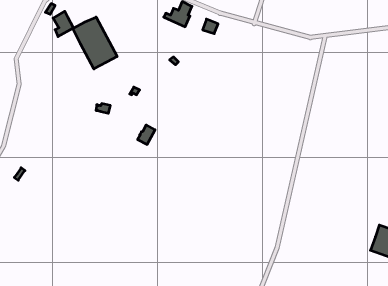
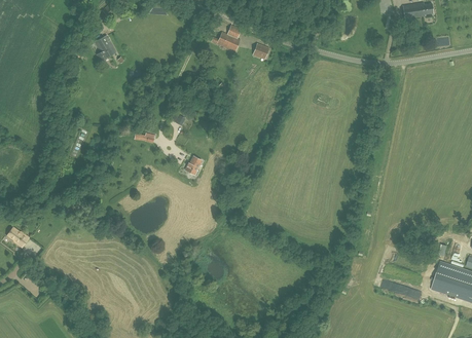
building: [73,17,117,69] -> none

